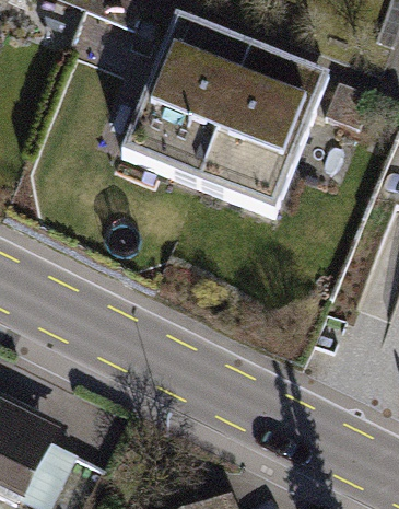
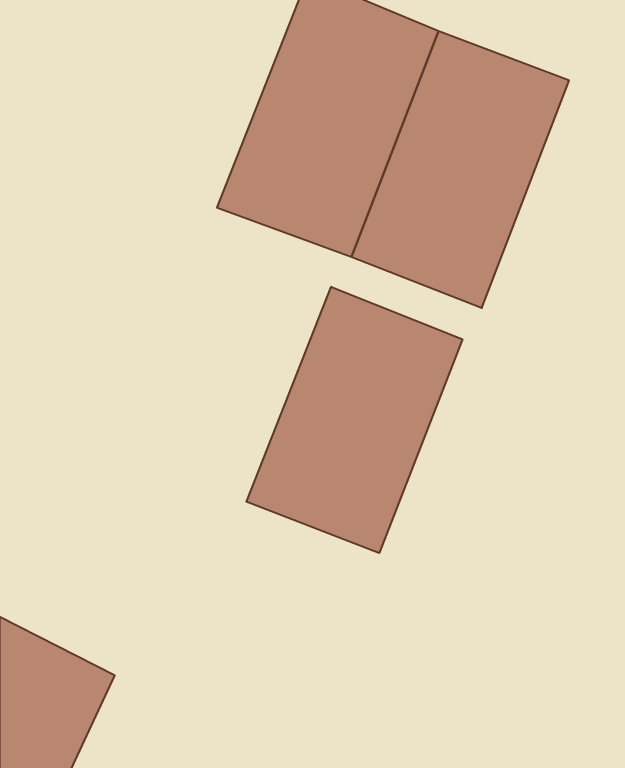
building: none -> [247,287,462,553]

